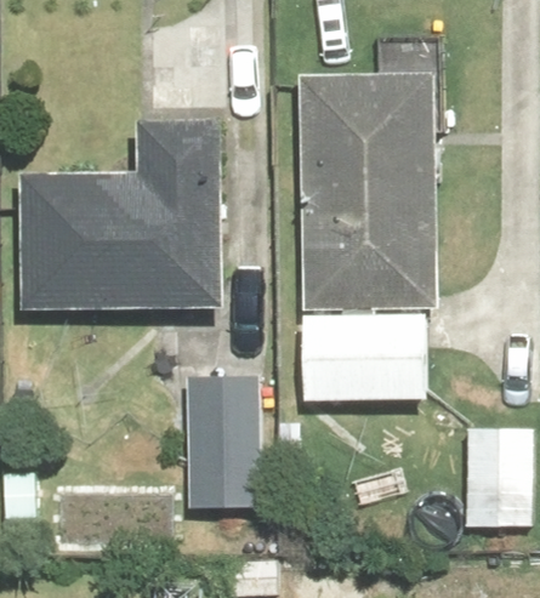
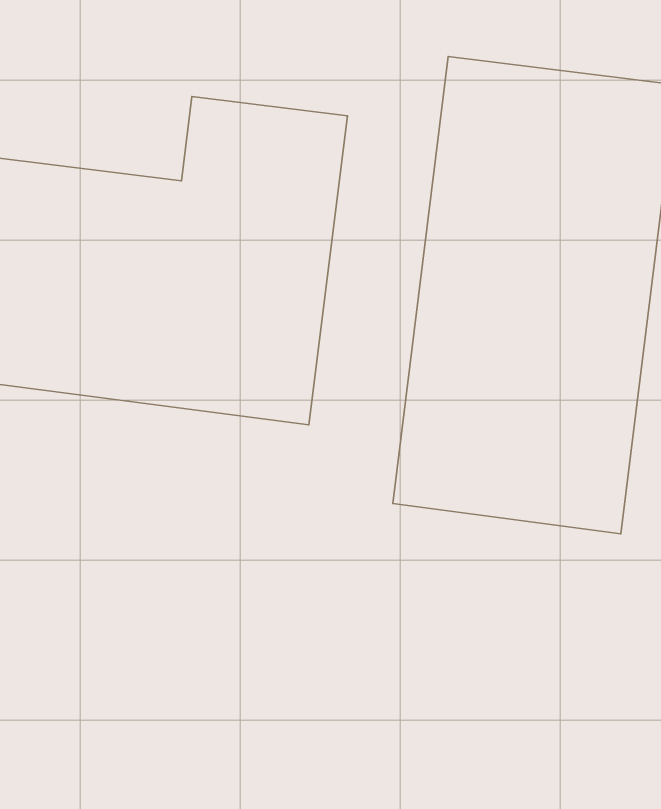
building: [183,370,258,513] -> none

